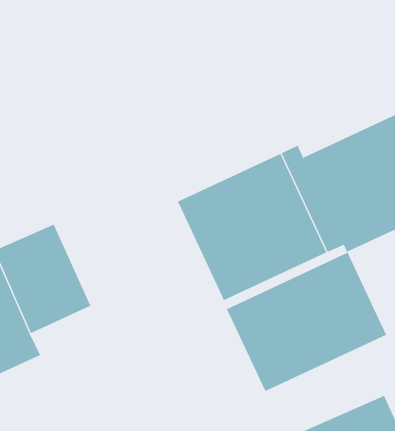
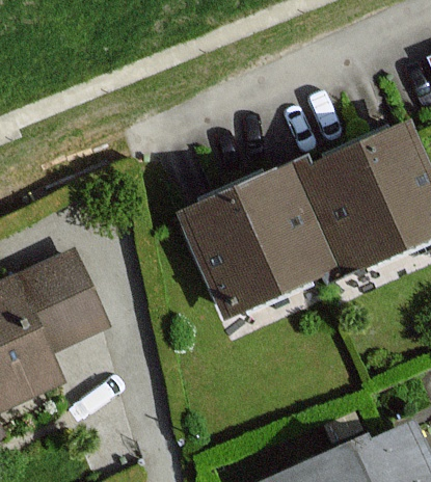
building: [226,252,387,392] -> none

